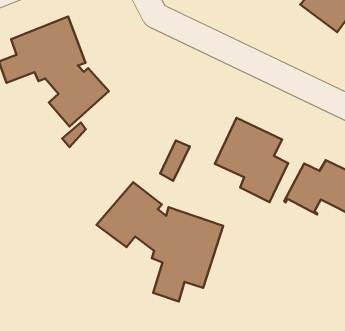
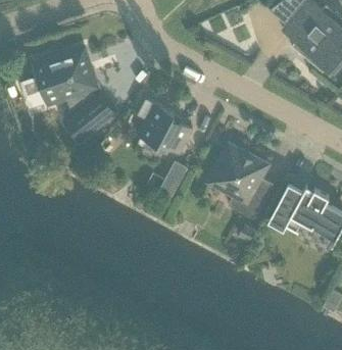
building: none -> [138,99,193,155]
building: [96,182,223,301] -> none

